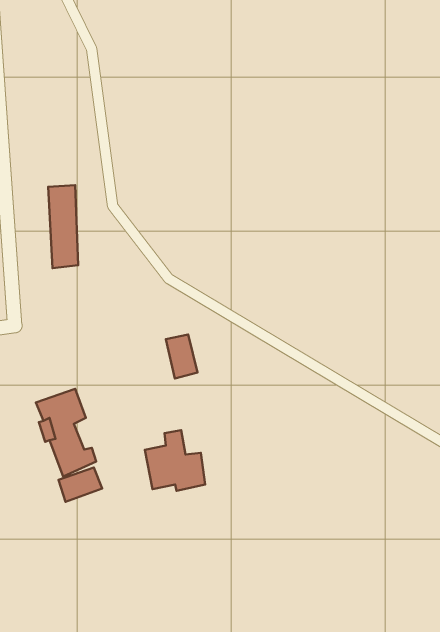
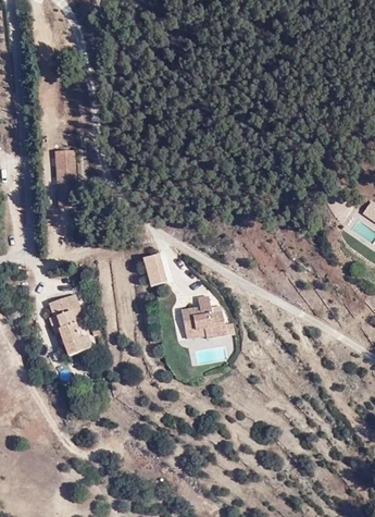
building: [145,430,205,491] -> [180,295,224,338]
building: [59,468,102,502] -> none

